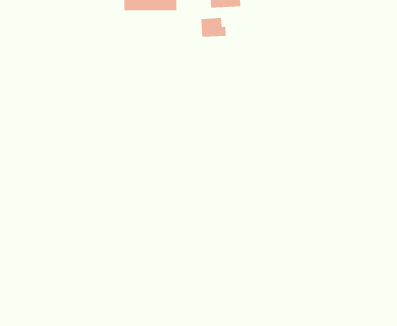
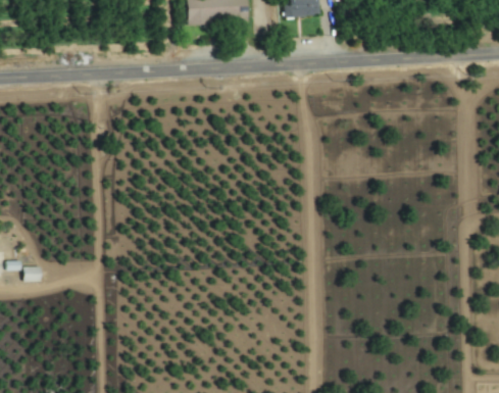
building: [201,17,227,37] -> none

